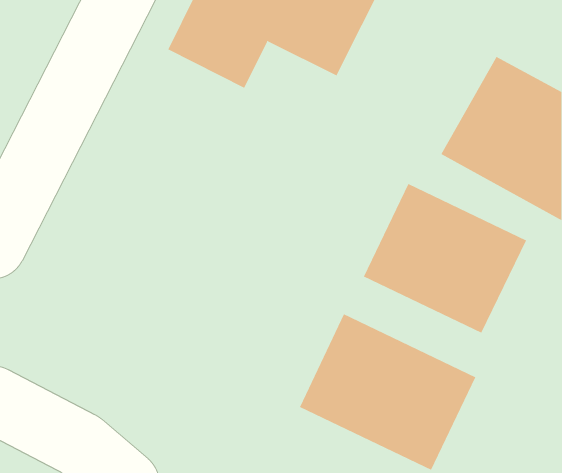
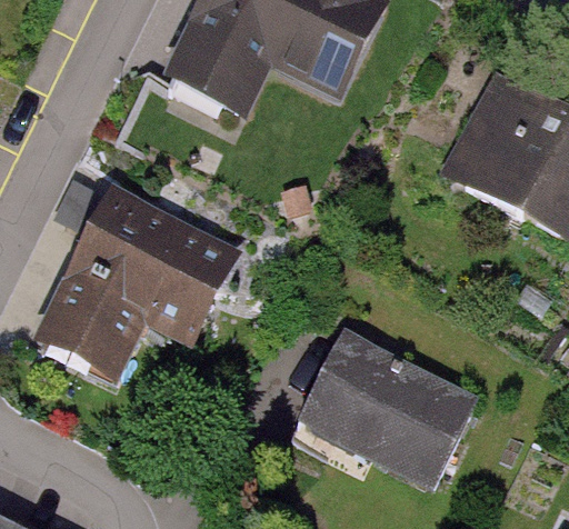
building: none -> [39,190,238,376]
building: [363,183,527,334] -> none

